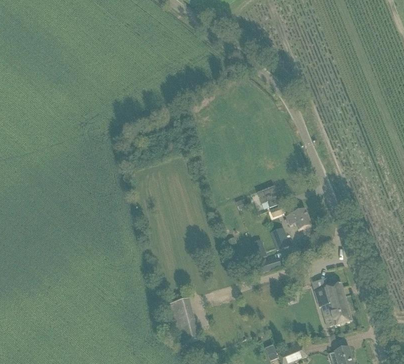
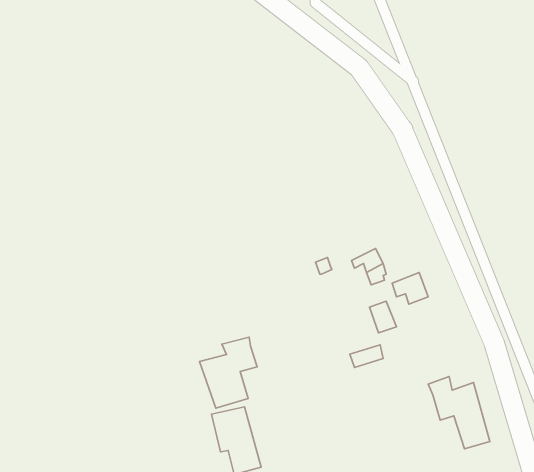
building: none -> [199,337,257,408]

